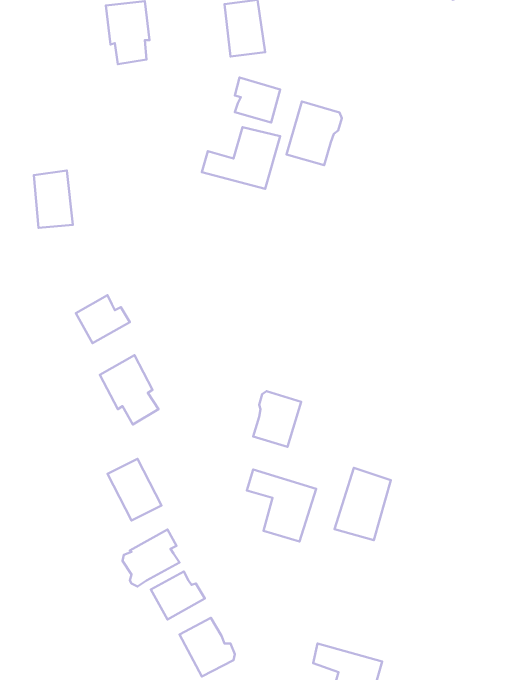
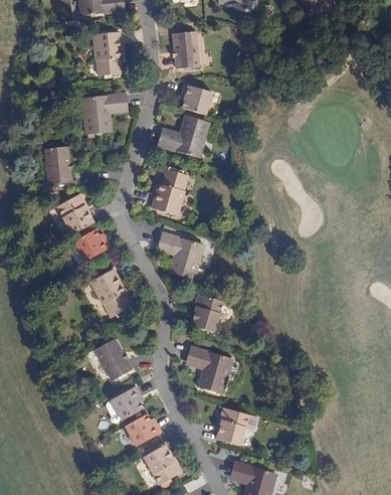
building: none -> [83,94,129,135]
building: [286,102,342,165] -> none
building: none -> [152,172,185,215]
building: none -> [56,194,92,234]
building: none -> [159,232,205,279]
building: [335,468,391,540] -> none
building: none -> [216,406,248,445]

